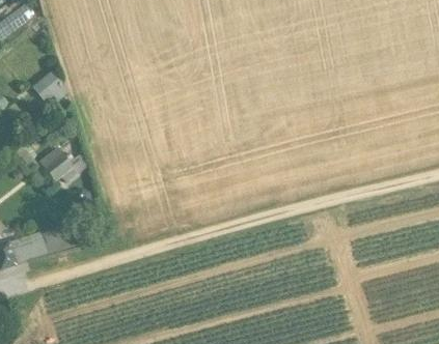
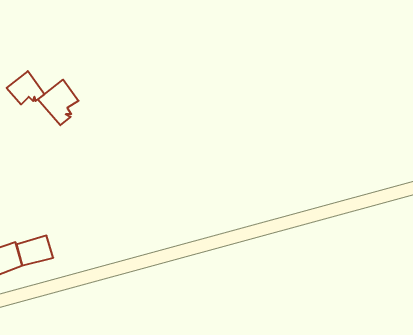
building: none -> [38,80,79,125]
building: [39,146,72,179] -> none

